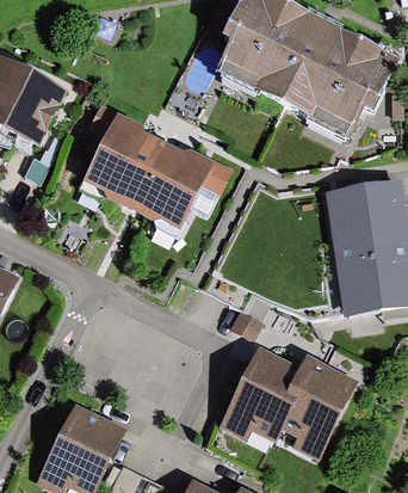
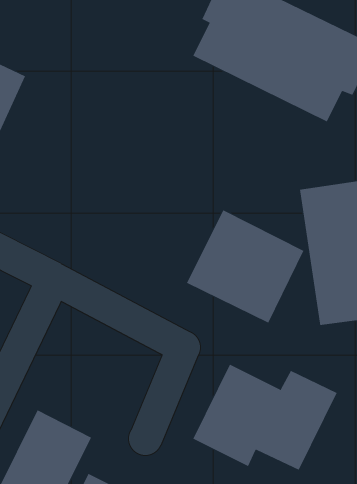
building: [86,107,229,239] -> none
building: none -> [186,210,304,323]

